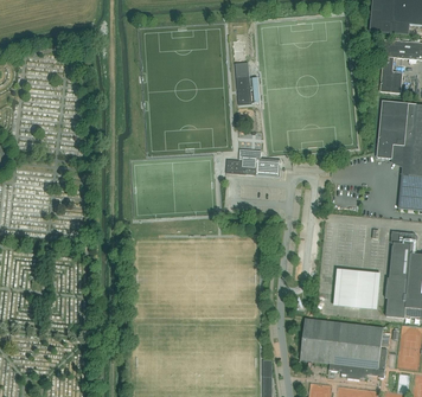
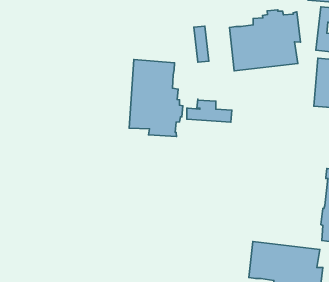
building: none -> [230,10,300,71]
building: none -> [129,60,183,137]
building: [332,270,379,310] -> none

